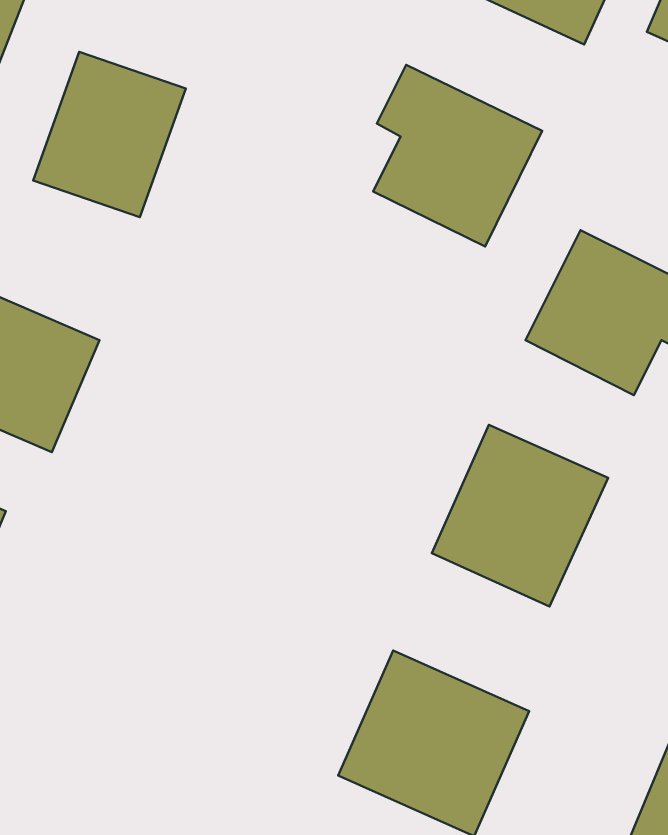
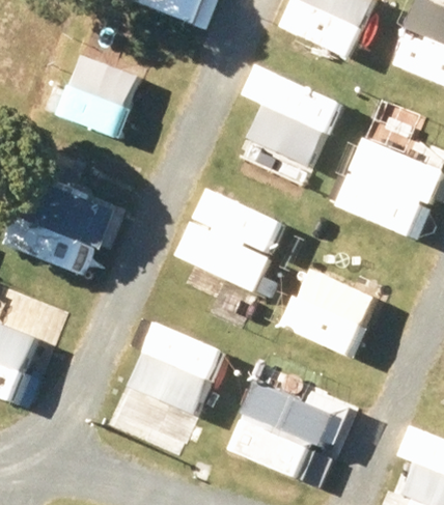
building: none -> [171,190,286,302]
building: none -> [128,315,232,419]

